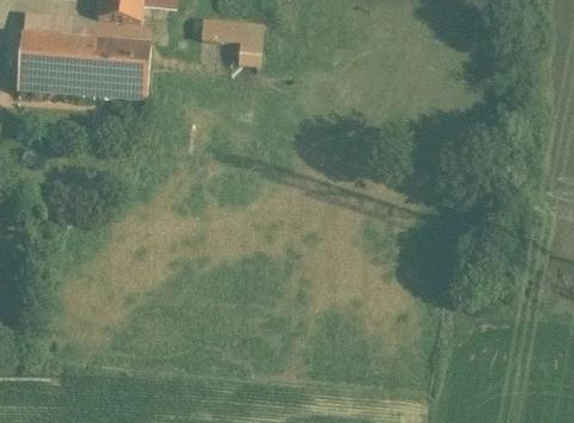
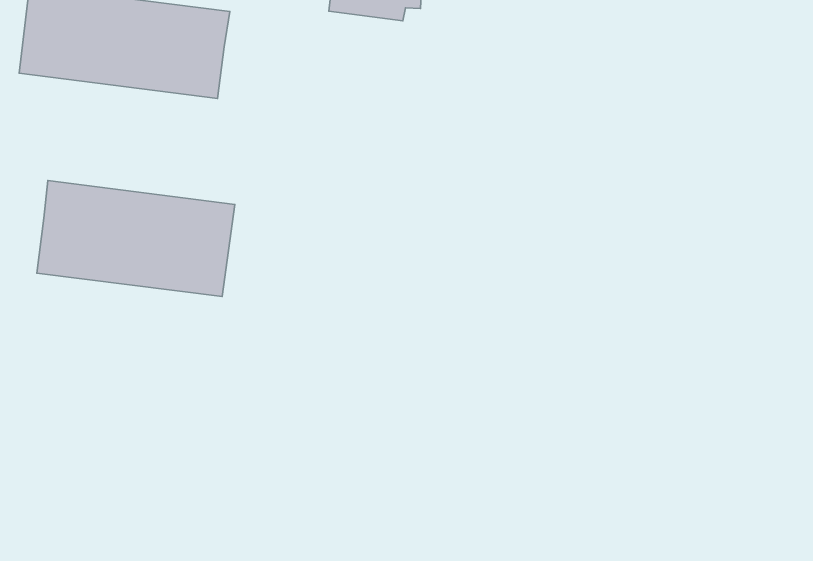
building: none -> [37,181,235,297]

